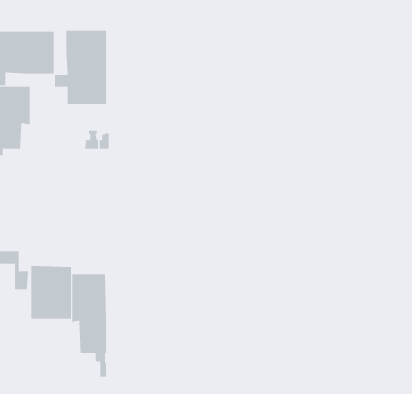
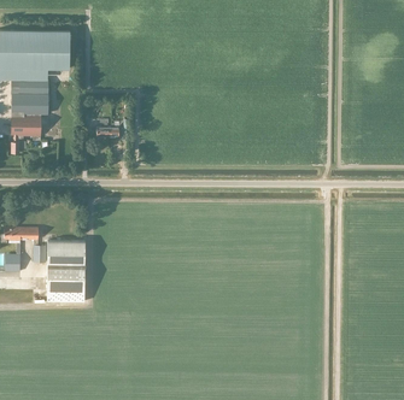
building: [54,30,106,105] -> none
building: [72,273,107,378] -> none

